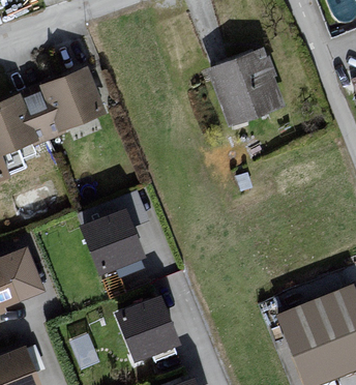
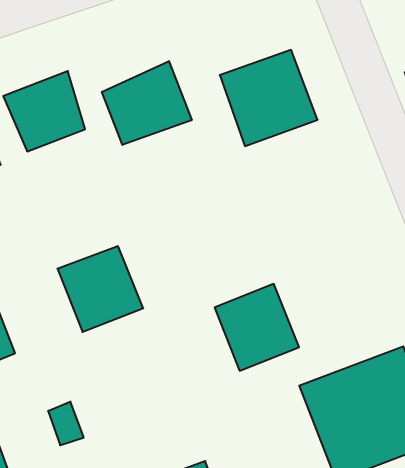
building: none -> [102,61,192,145]
building: [116,293,182,361] -> [215,284,299,371]

